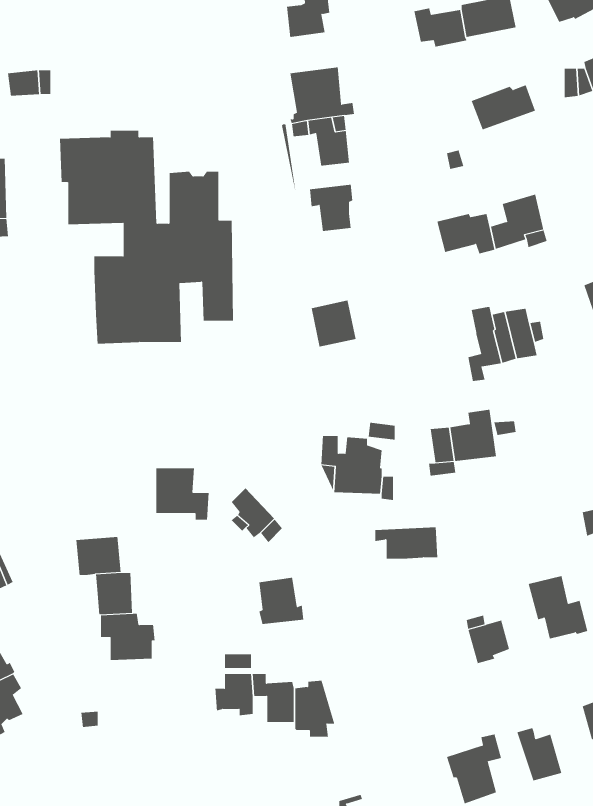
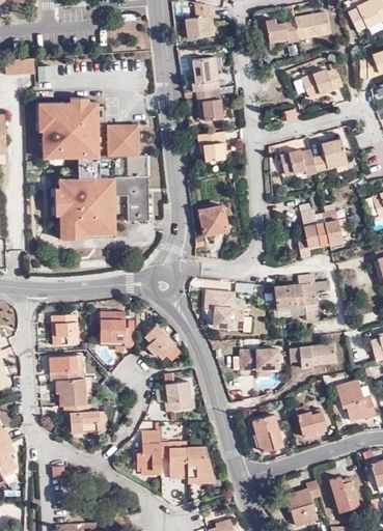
building: none -> [51,314,78,344]
building: none -> [289,344,336,368]
building: none -> [251,416,282,452]

